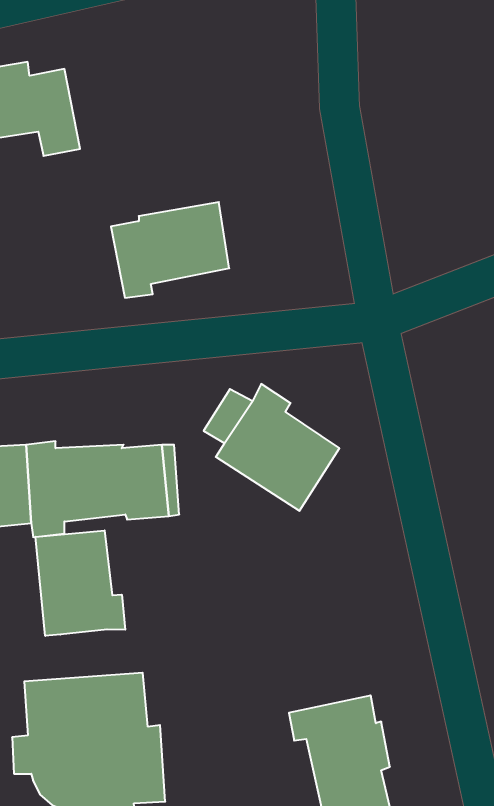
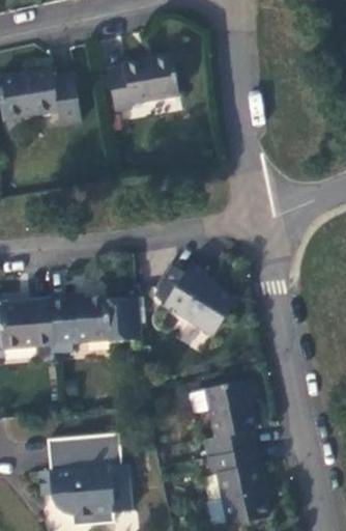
building: [111,202,229,298] -> [106,55,176,112]
building: [36,530,125,636] -> none
building: none -> [201,379,255,458]

